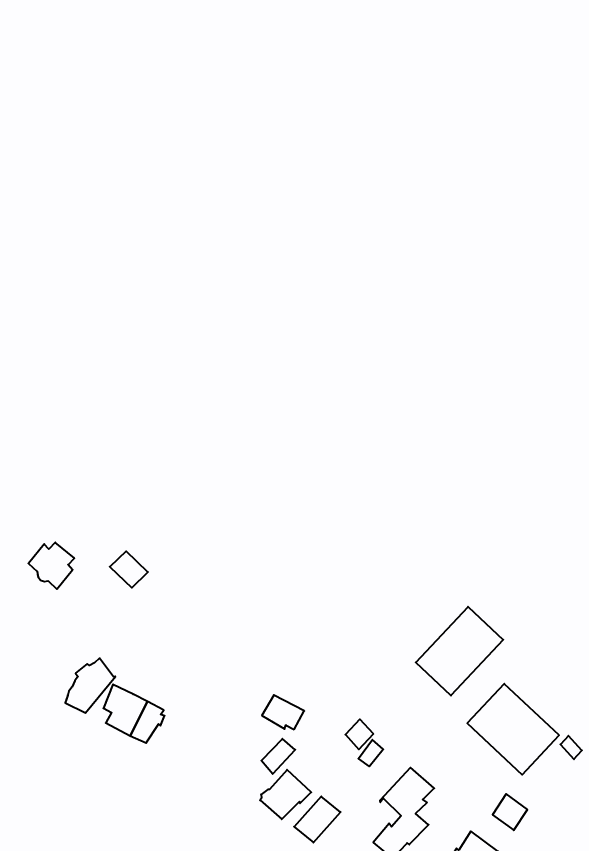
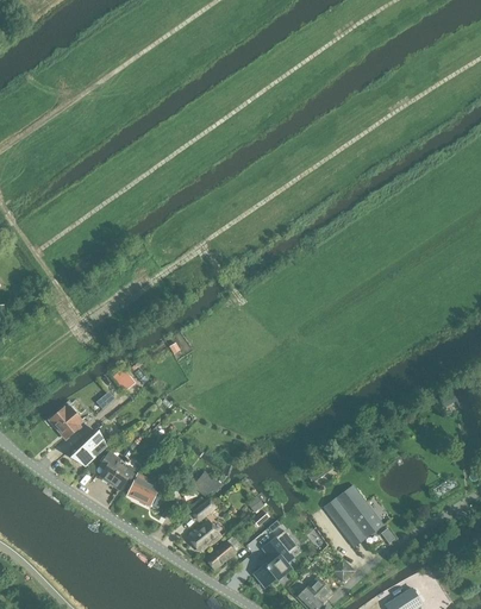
building: [28,542,74,589] -> [50,408,80,438]
building: [416,607,503,696] -> none
building: none -> [127,475,158,507]

